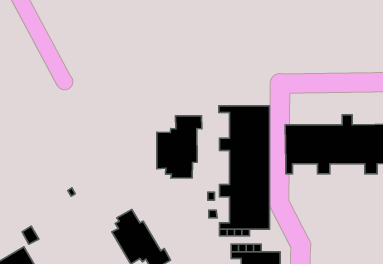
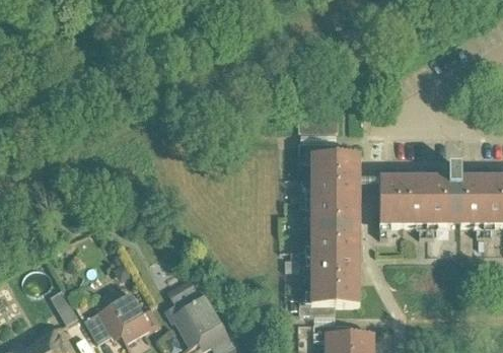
building: [157,116,202,178] -> none
building: none -> [84,291,159,342]

